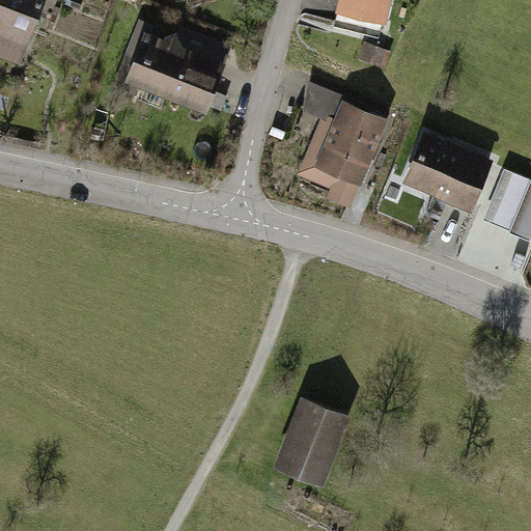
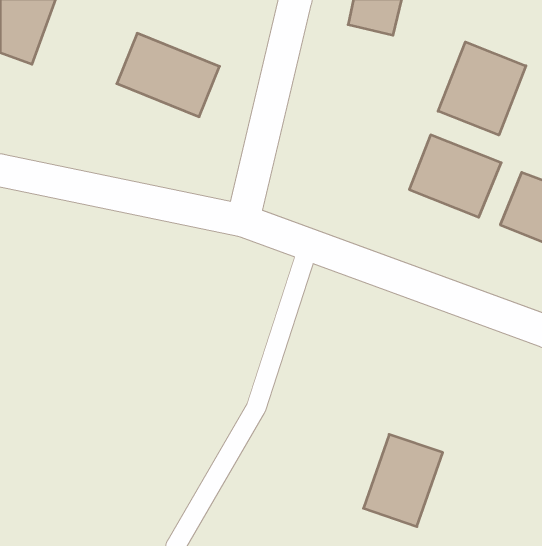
building: none -> [438,42,526,135]
building: [300,81,383,189] -> none
building: [270,397,346,486] -> [363,434,443,527]

